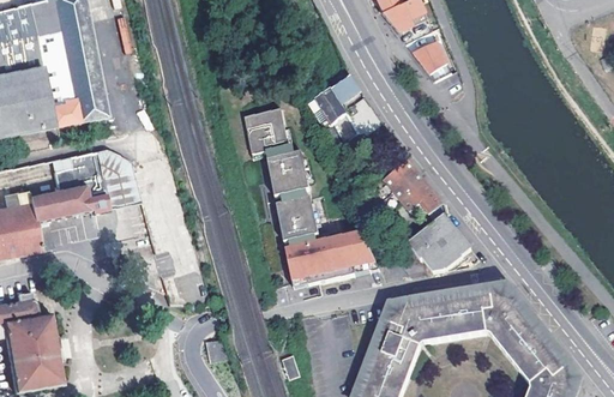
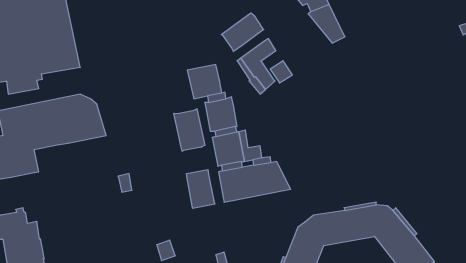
building: none -> [221,13,264,52]
building: [381,157,441,213] -> none
building: none -> [174,109,205,151]
building: [407,213,469,272] -> none
building: none -> [186,170,215,208]

